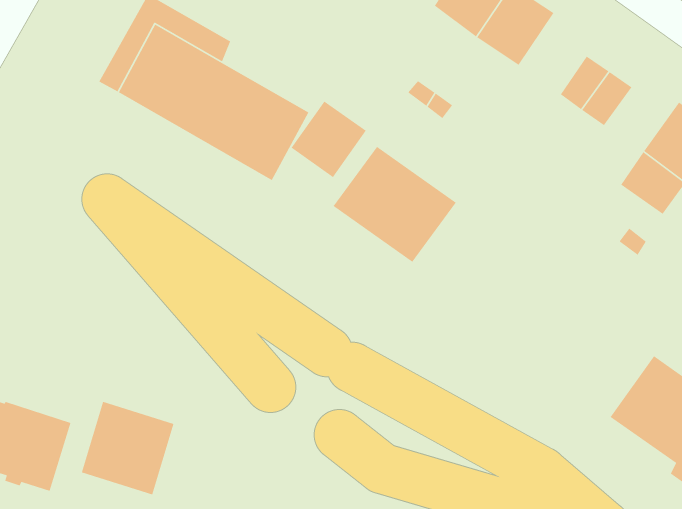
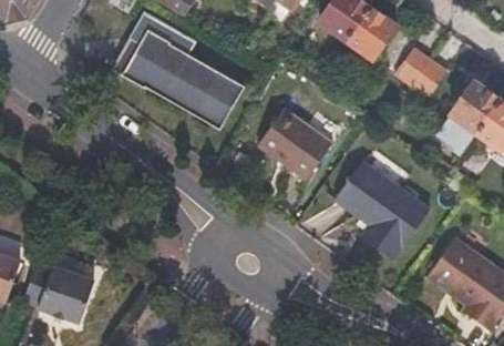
building: [290,100,367,178] -> none
building: none -> [337,161,433,262]
building: [81,401,175,495] -> none

